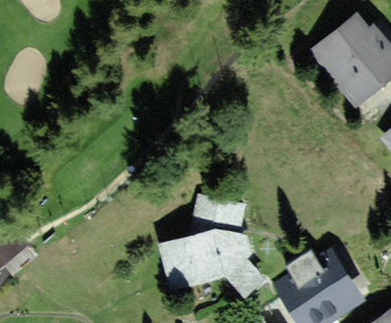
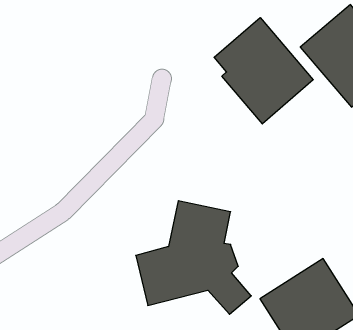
building: none -> [214,18,313,124]

